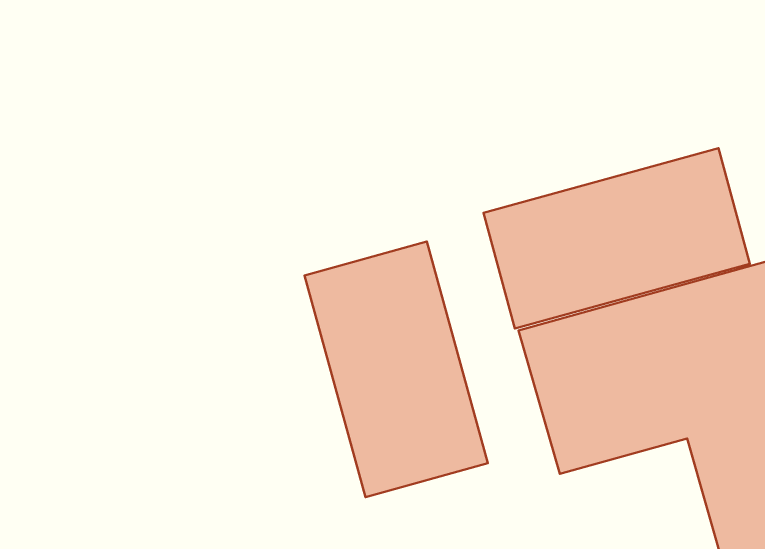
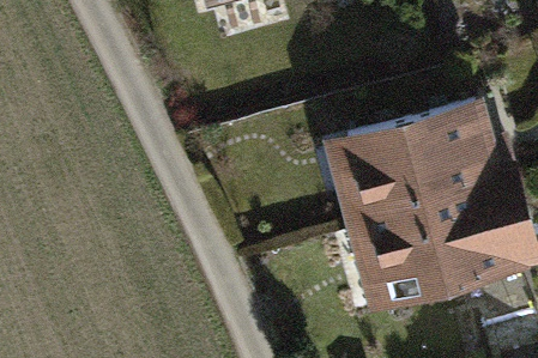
building: [305,241,488,497] -> none

